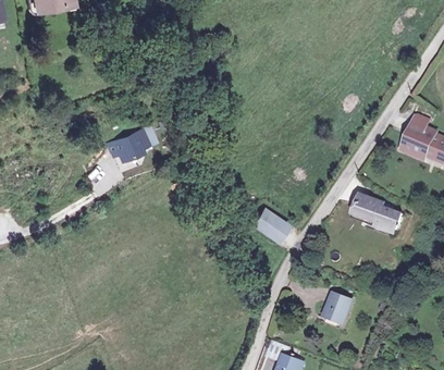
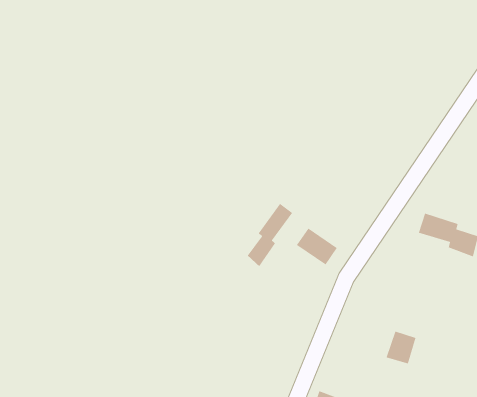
building: [115,128,147,158] -> none
building: none -> [247,203,293,267]

